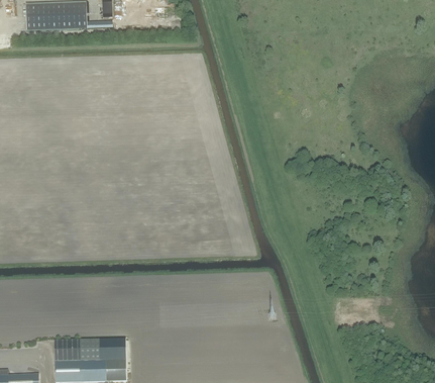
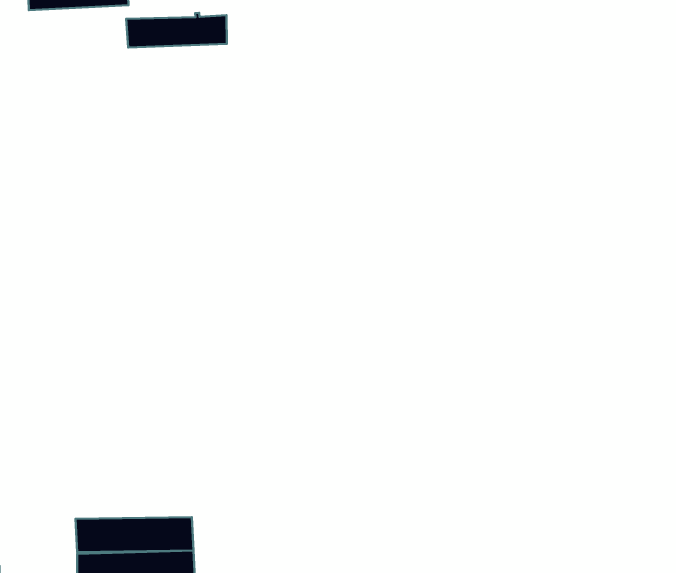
building: none -> [126,13,227,47]

